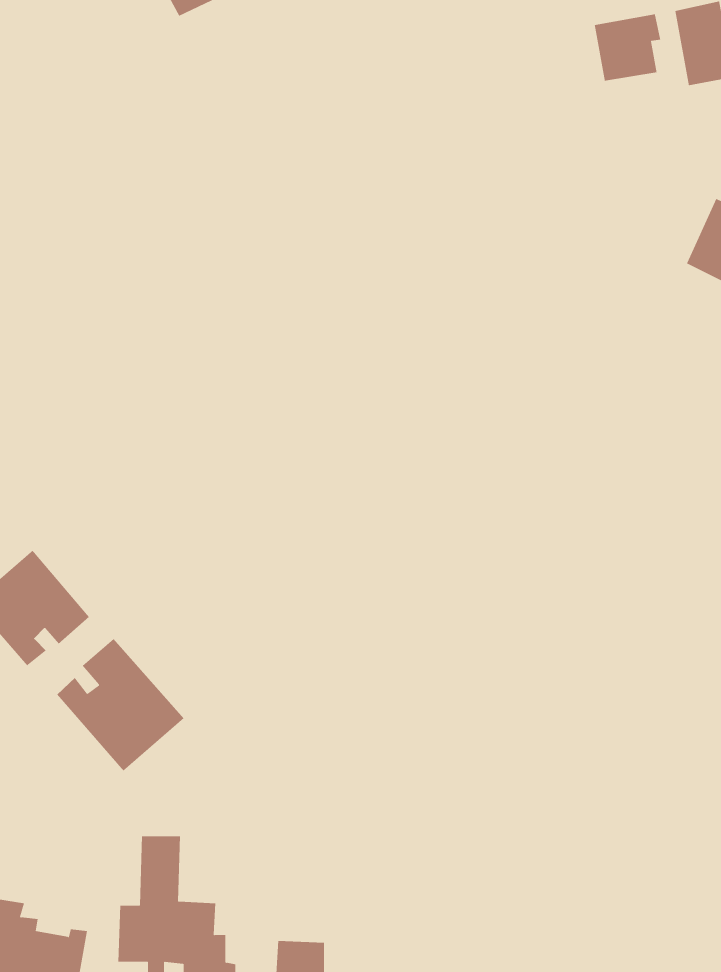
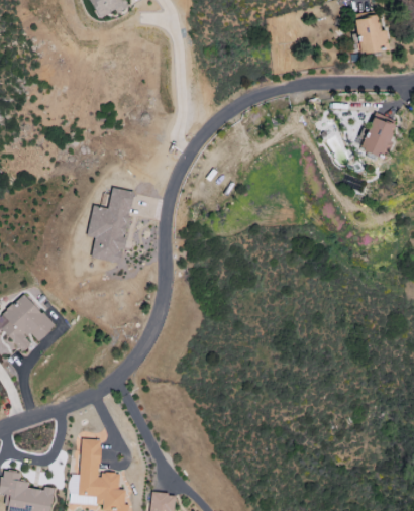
building: [594,13,661,81] -> none
building: none -> [88,188,133,263]
building: [57,638,185,772] -> none

